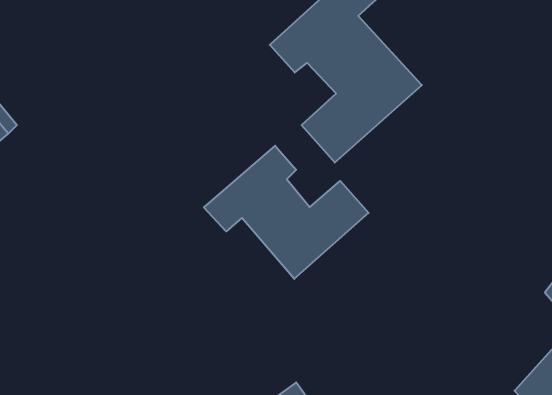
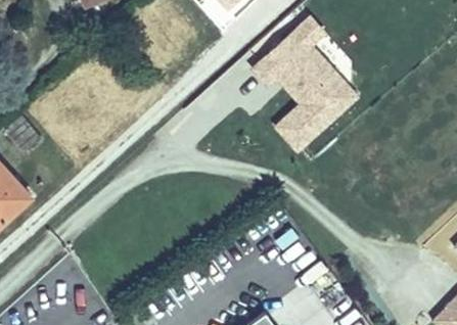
building: [204,146,369,279] -> none

